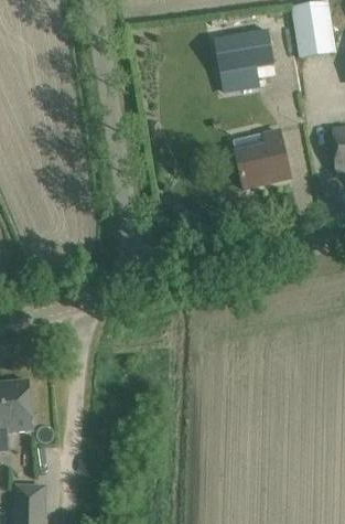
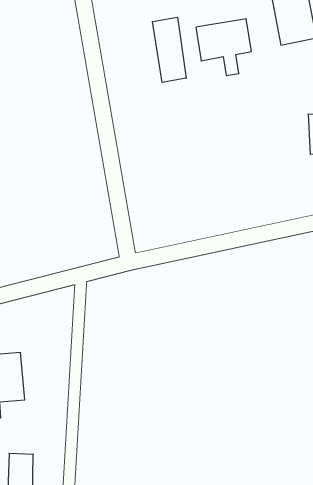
building: none -> [152,17,186,82]
building: [231,130,289,188] -> none

